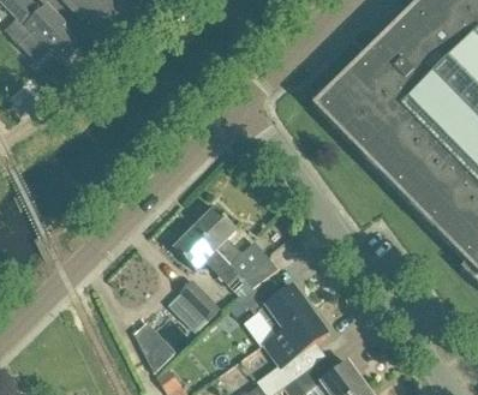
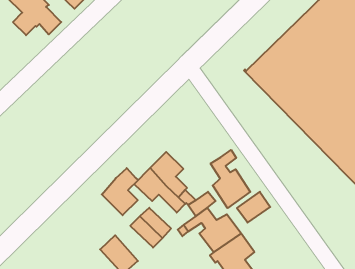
building: none -> [211,150,250,208]
building: none -> [102,168,138,215]
building: none -> [237,192,270,223]

